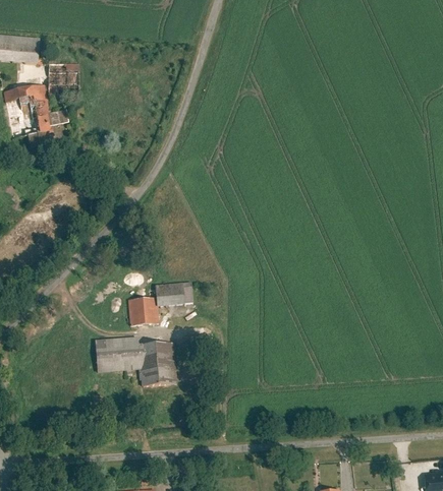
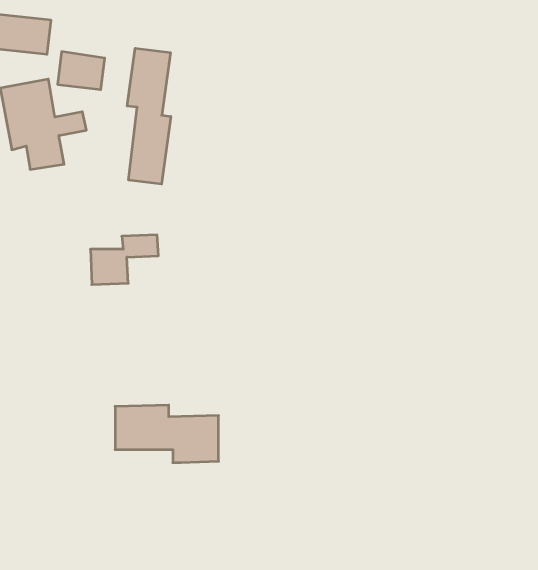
building: none -> [127,48,171,184]
building: [132,287,185,325] -> [90,235,158,285]

